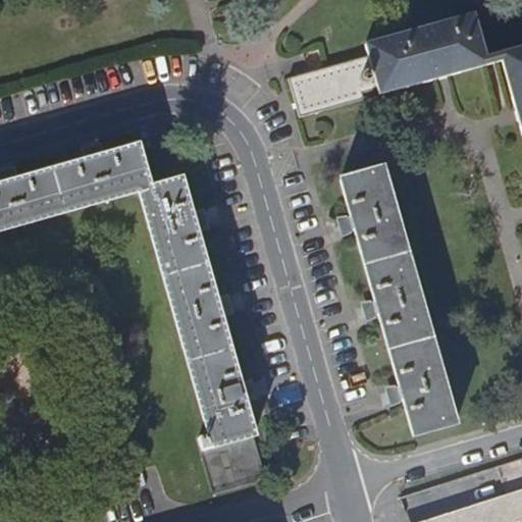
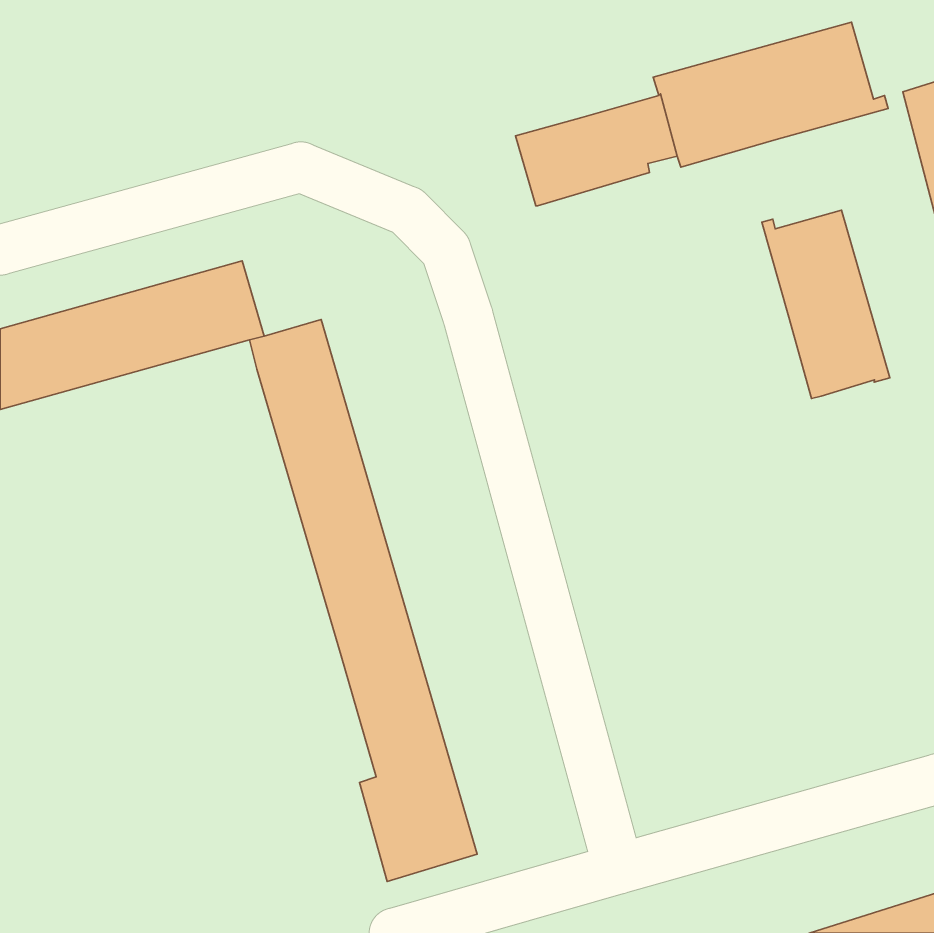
building: none -> [762,210,890,398]
building: [344,164,457,434] -> none

